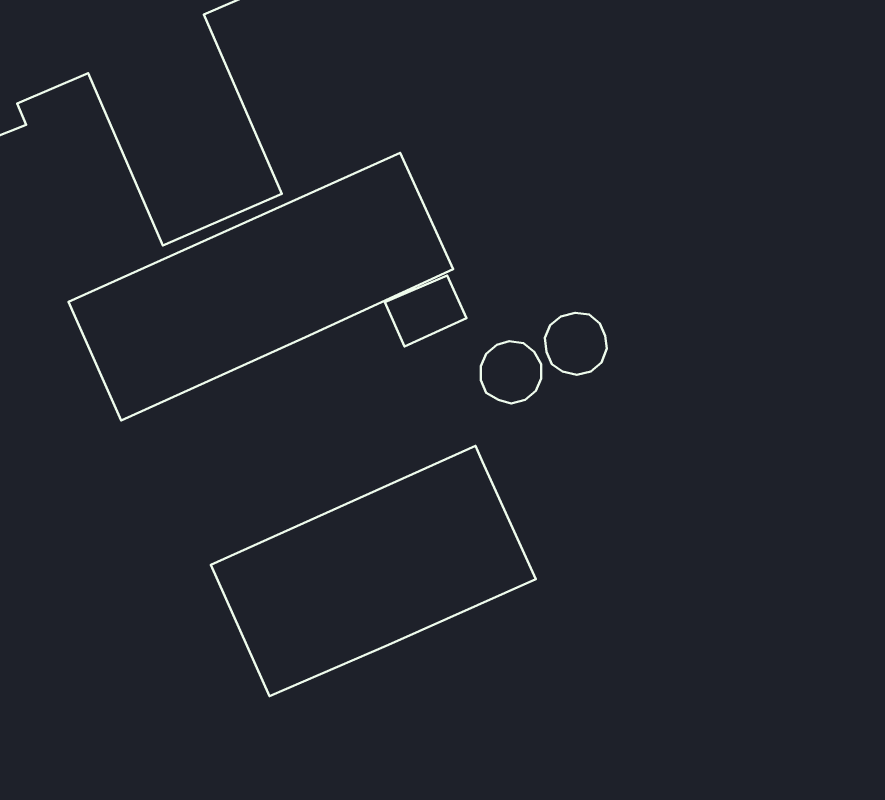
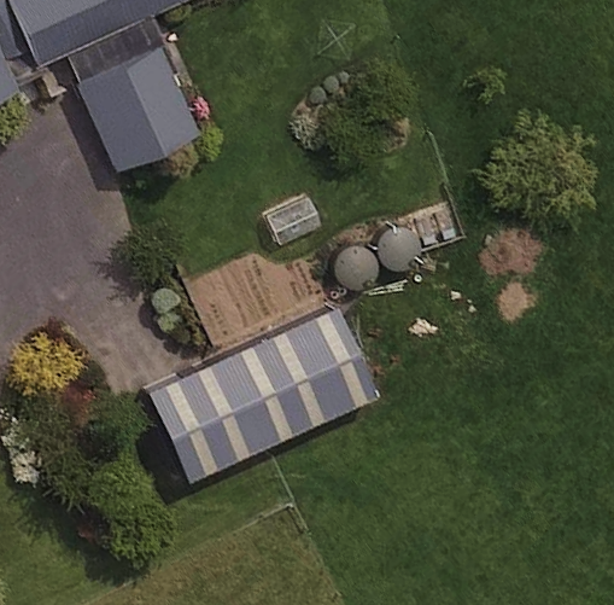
building: [68,153,453,420] -> none

